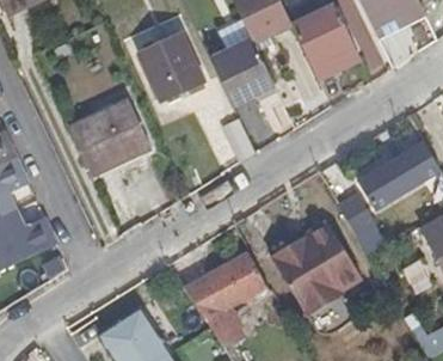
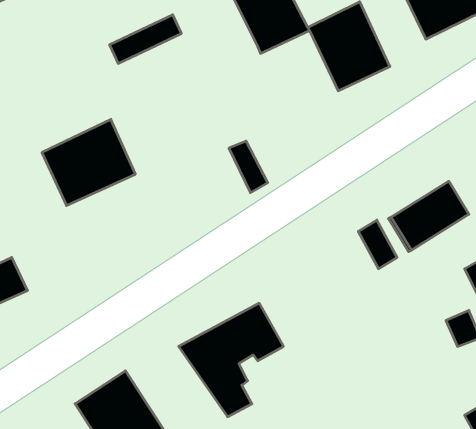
building: [142,35,207,102] -> none
building: [211,39,272,106] -> none
building: [271,221,362,308] -> none

